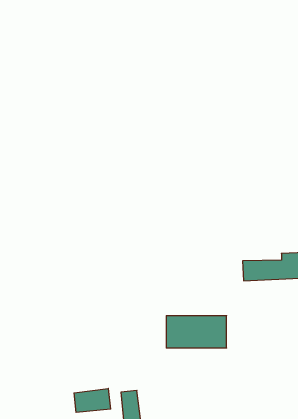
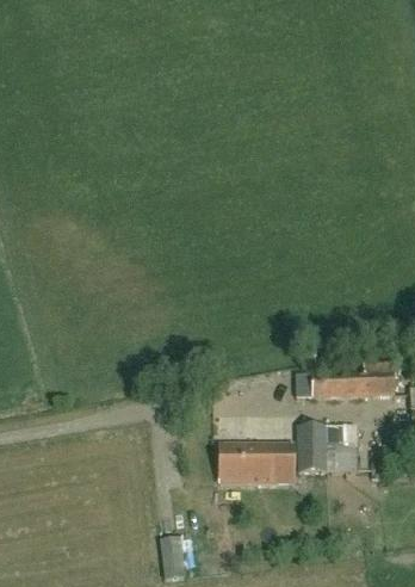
building: none -> [297,424,355,471]
building: [74,388,111,412] -> none

